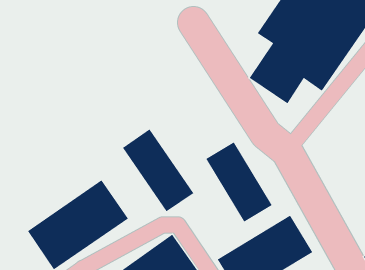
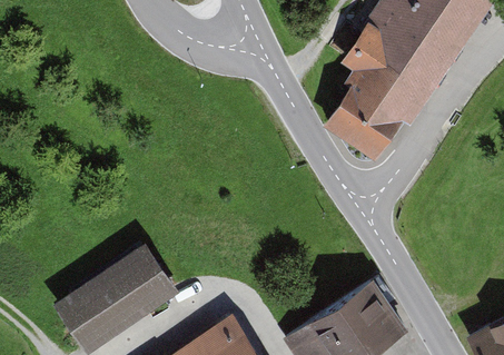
building: [122,129,194,212] -> none
building: [205,142,273,223] -> none

